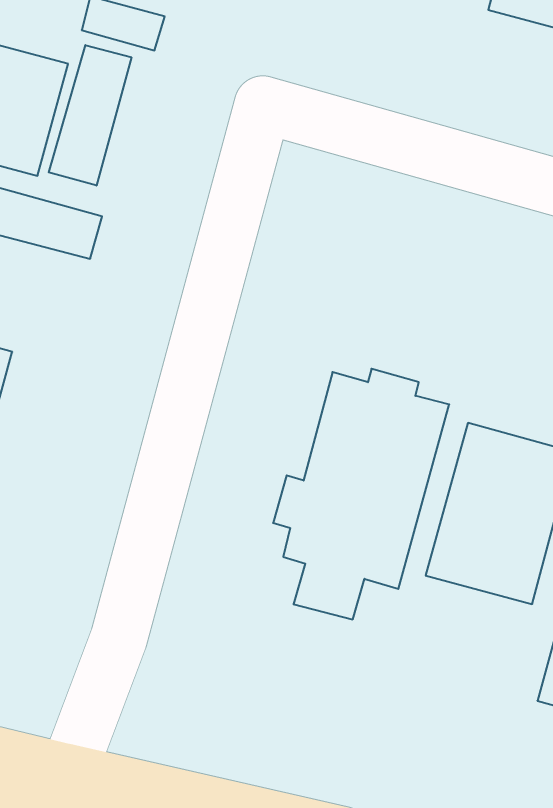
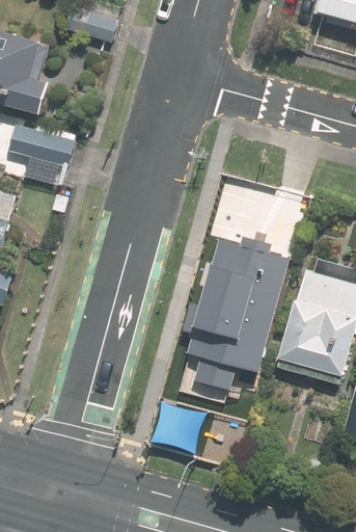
building: [49,45,131,186] -> none

